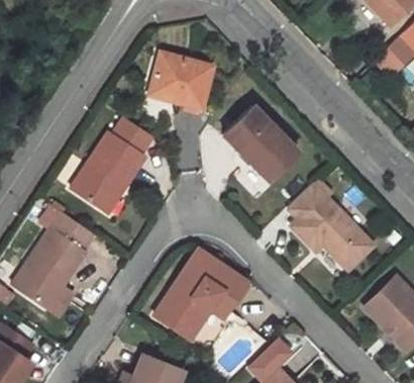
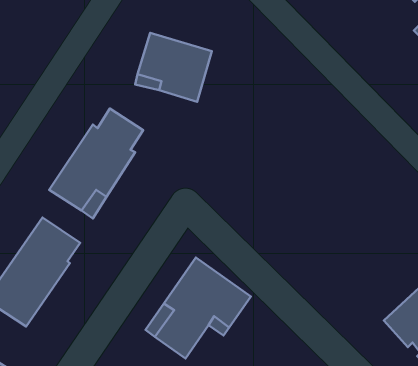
building: [223,106,297,180] -> none
building: [288,183,372,267] -> none

